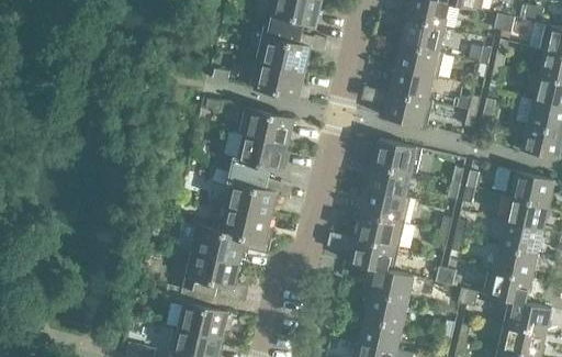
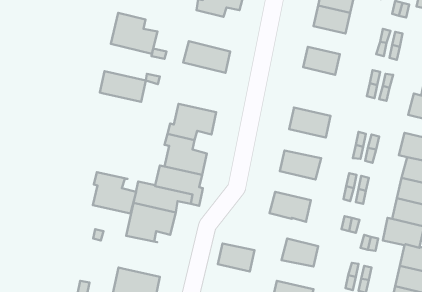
building: [256,24,311,72] -> [111,13,158,54]
building: [395,43,443,77] -> none
building: [384,91,432,127] -> none
building: [239,108,293,144] -> [100,71,146,102]
building: [368,164,411,197] -> none
building: [357,213,404,247] -> none
building: [371,268,414,301] -> none
building: [178,289,228,337] -> [93,172,136,213]
building: [359,317,402,350] -> [218,244,254,272]

